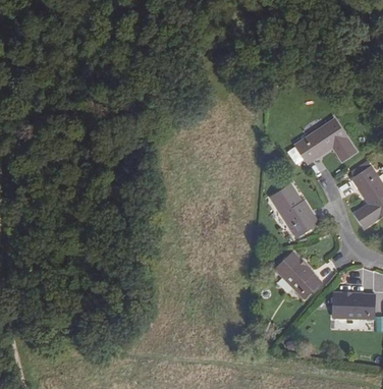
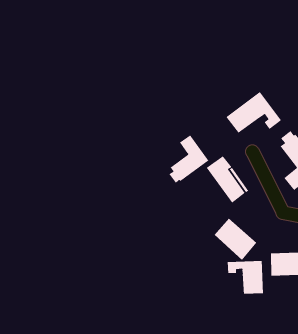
building: none -> [168,135,209,183]
building: none -> [227,260,263,294]

